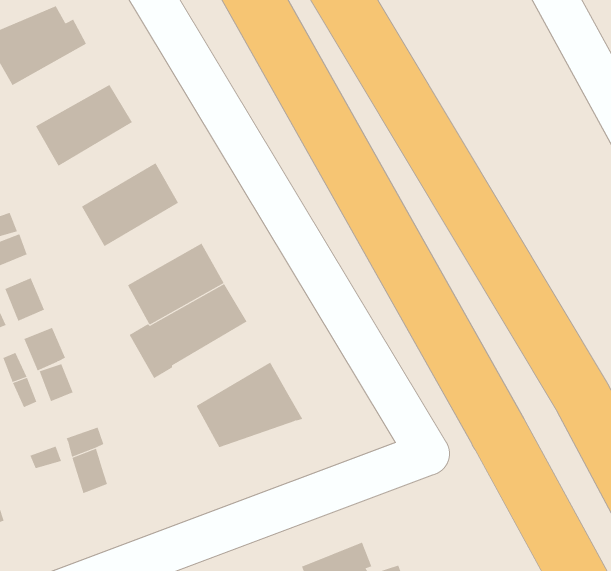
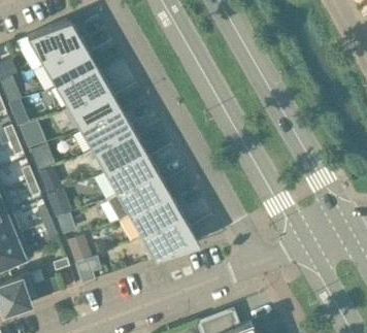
building: none -> [42,42,95,87]
building: none -> [67,85,120,130]
building: none -> [92,128,144,172]
building: none -> [129,192,181,237]

